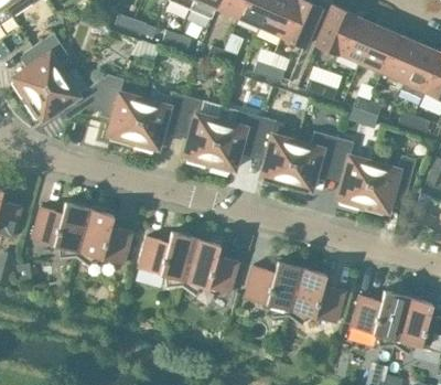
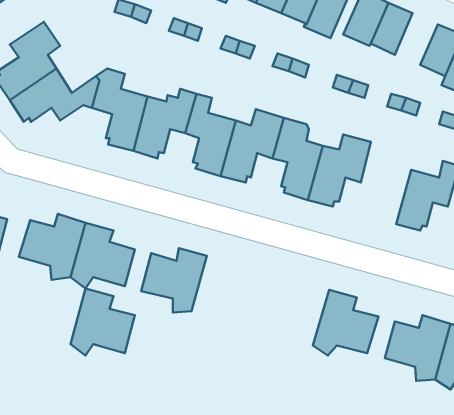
building: [359,25,397,71] -> none
building: [330,138,374,210] -> none
building: [182,237,238,296] -> [70,289,135,356]
building: [244,260,302,317] -> none

